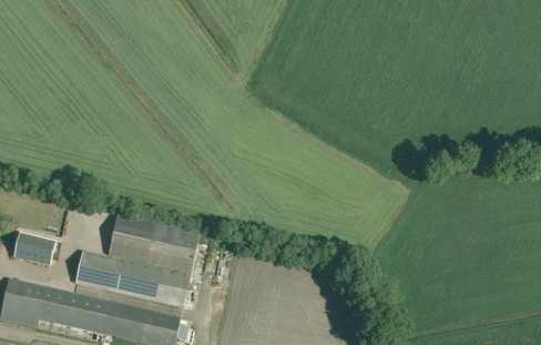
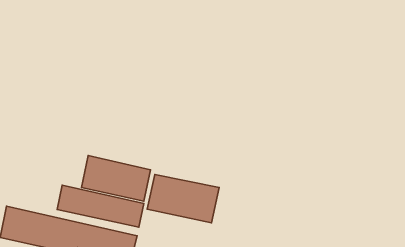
building: [16,232,55,265] -> none
building: none -> [147,175,219,223]

